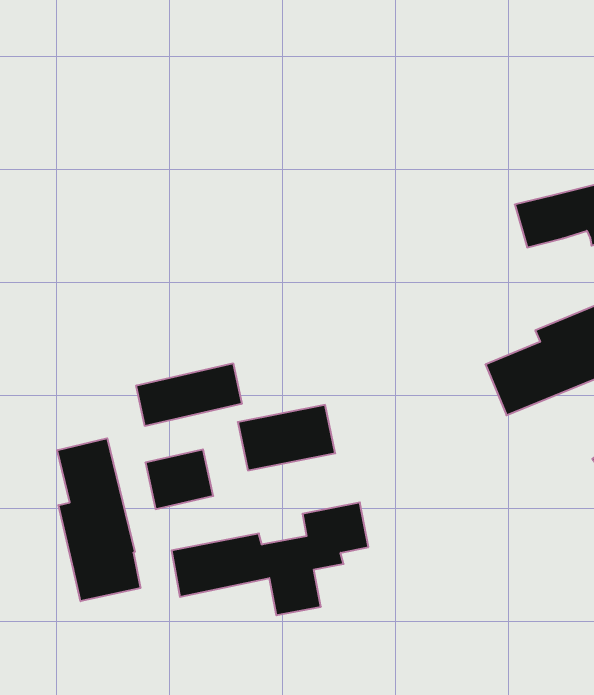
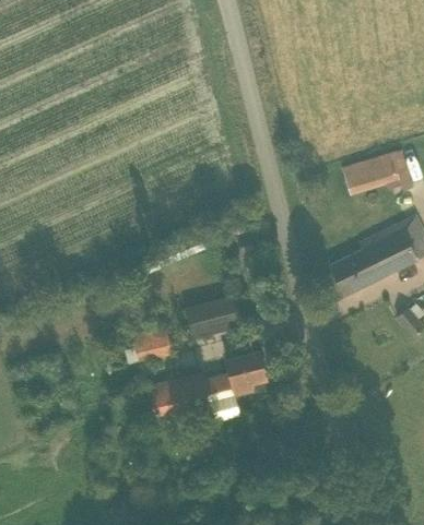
building: [136,363,242,426] -> none
building: [57,438,140,601] -> none

